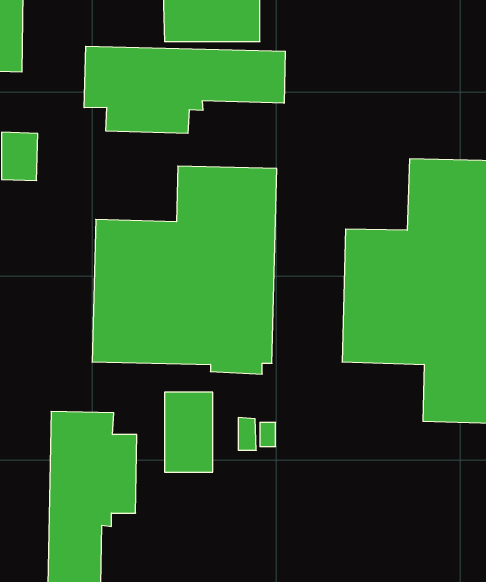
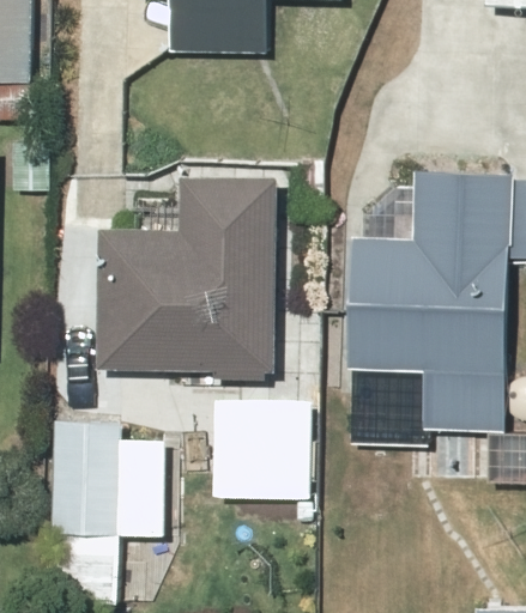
building: [84,46,285,133] -> none

